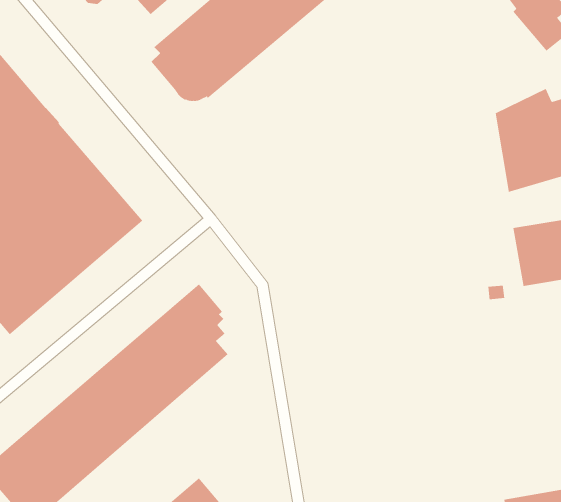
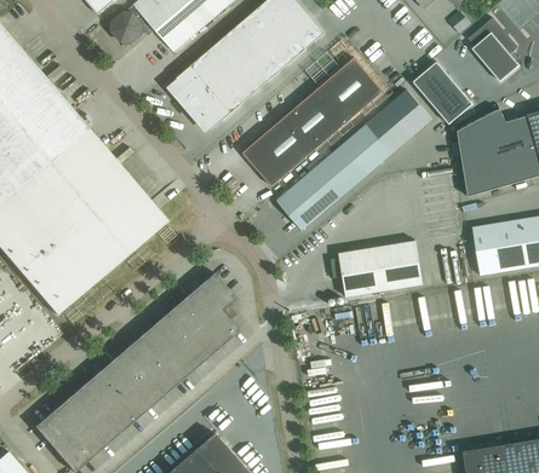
building: none -> [242,58,383,188]
building: none -> [412,62,472,125]
building: none -> [276,91,431,231]
building: none -> [329,241,423,298]

